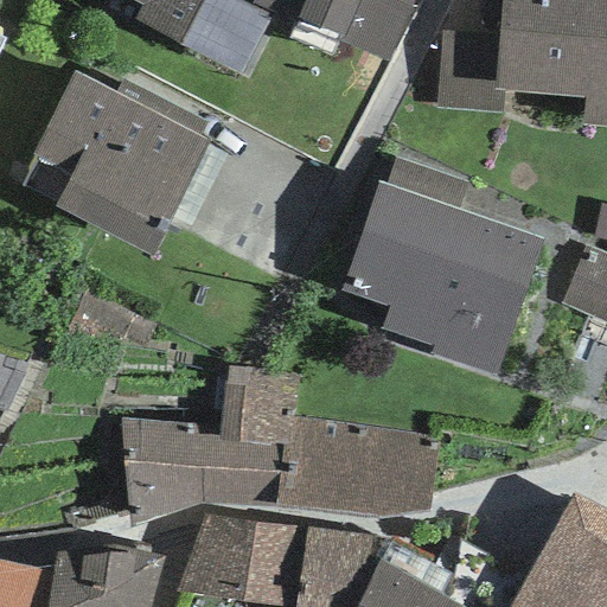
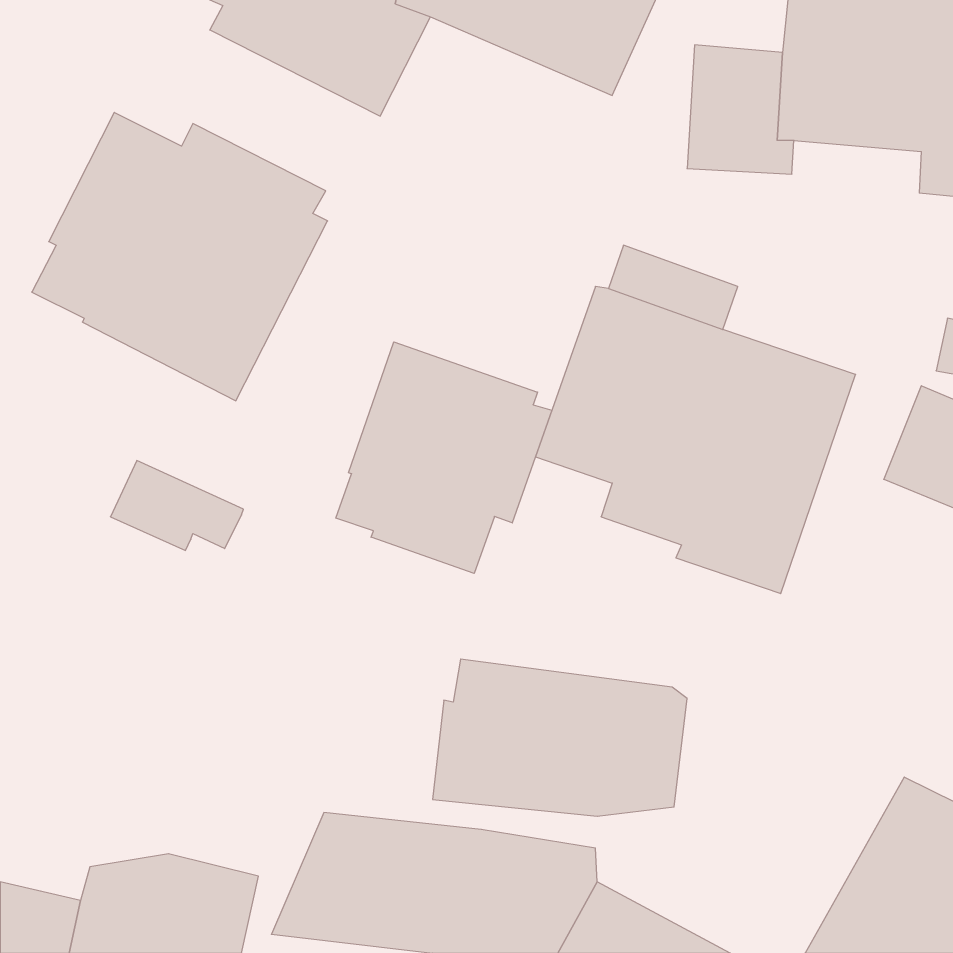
building: none -> [336,342,552,573]
building: [123,365,299,525] -> none

